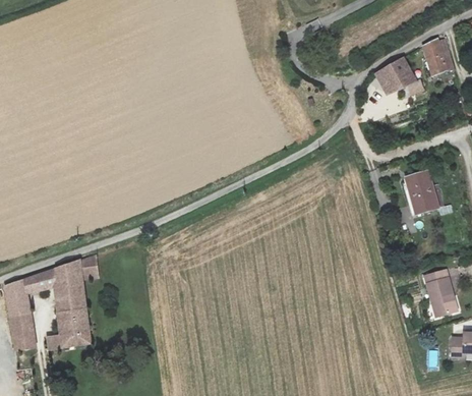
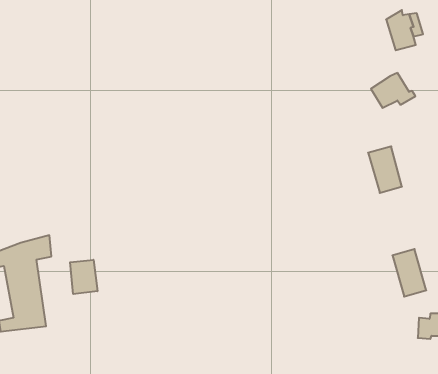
building: [375,58,418,92] -> [371,73,415,108]
building: none -> [70,260,97,294]

